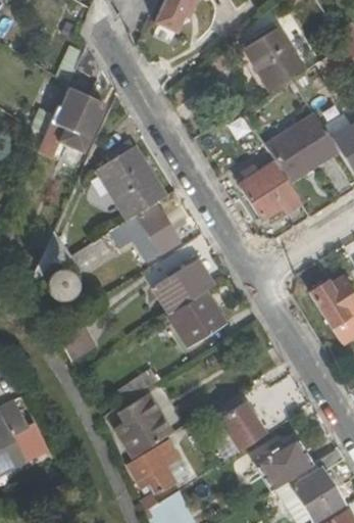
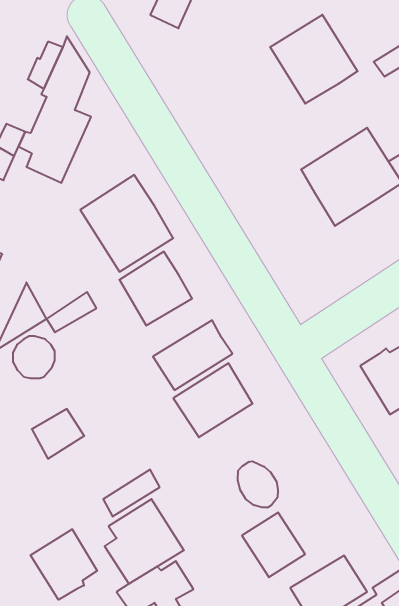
building: [238,160,302,223] -> none
building: none -> [238,461,278,508]
building: none -> [31,529,97,600]

